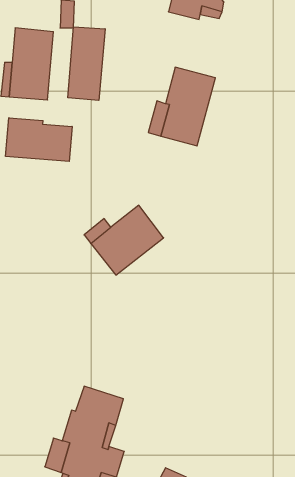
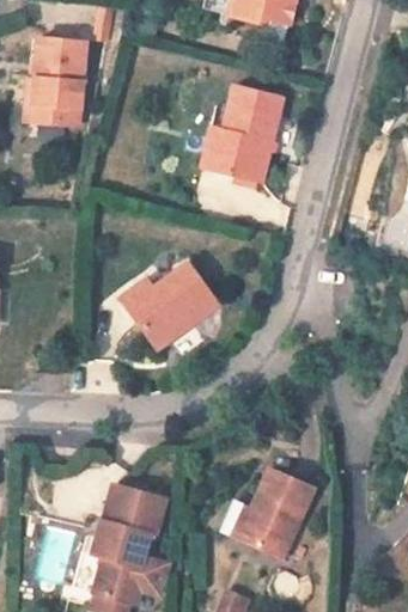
building: [68,27,105,100] -> none
building: [6,118,72,161] -> none
building: none -> [223,482,313,565]

